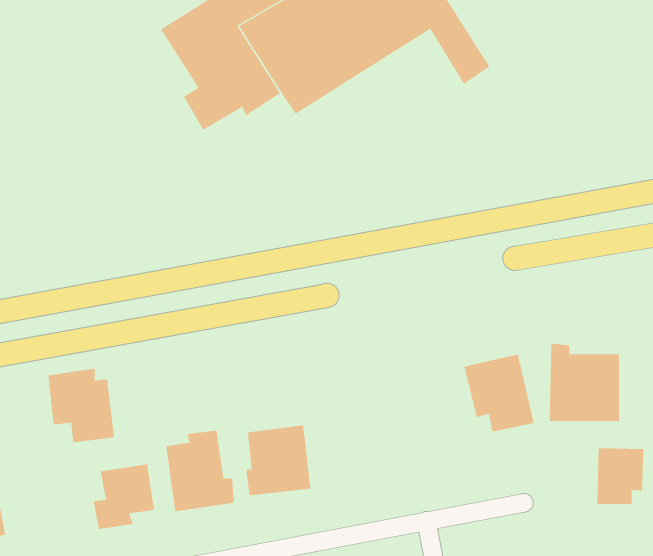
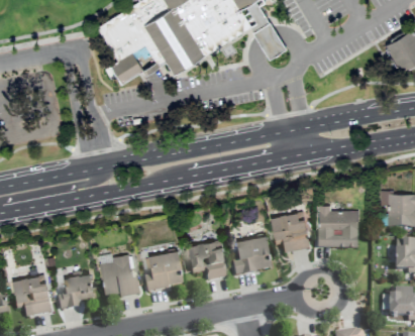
building: [48,368,115,443] -> [11,273,49,316]
building: none -> [232,233,272,274]
building: none -> [187,238,226,279]
building: [597,448,644,505] -> none

